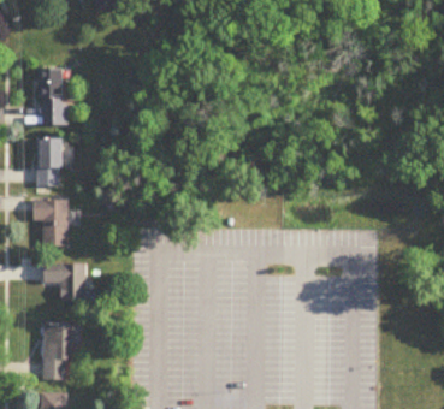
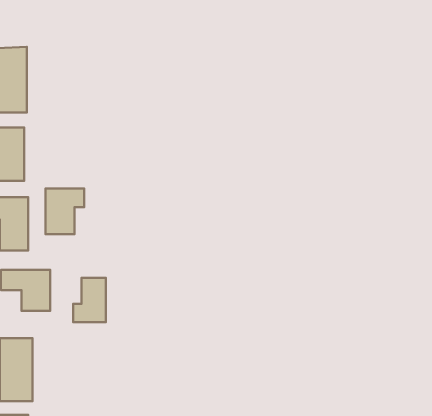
building: none -> [46,189,84,234]
building: none -> [73,278,106,322]

